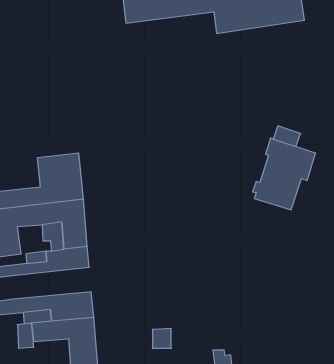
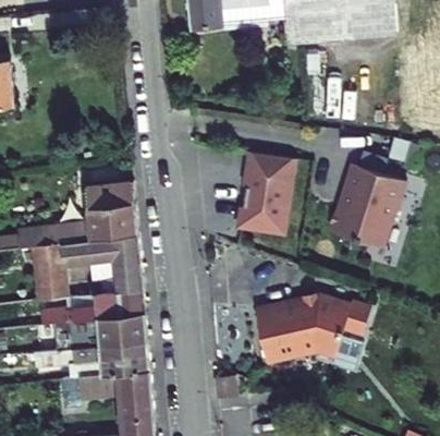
building: none -> [240,152,292,231]
building: none -> [254,299,368,370]
building: none -> [52,312,146,349]

